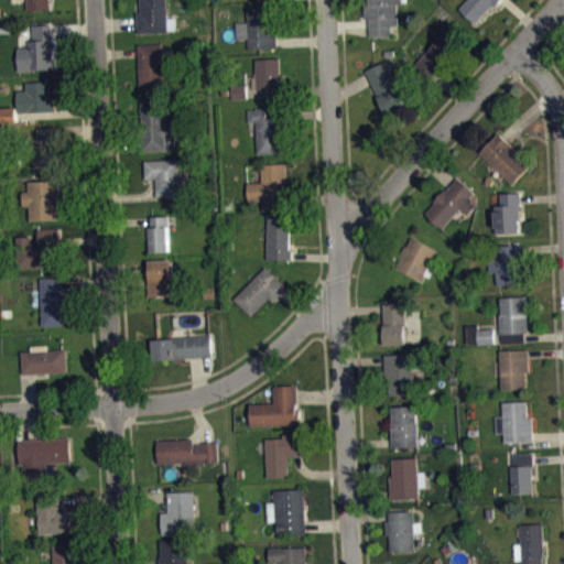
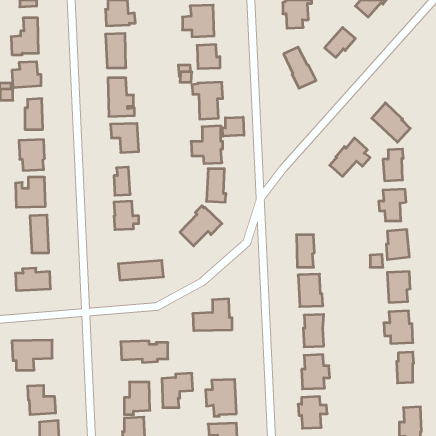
building: none -> [222,117,244,136]
building: [393,238,434,281] -> none
building: [264,434,304,478] -> [162,373,193,408]

